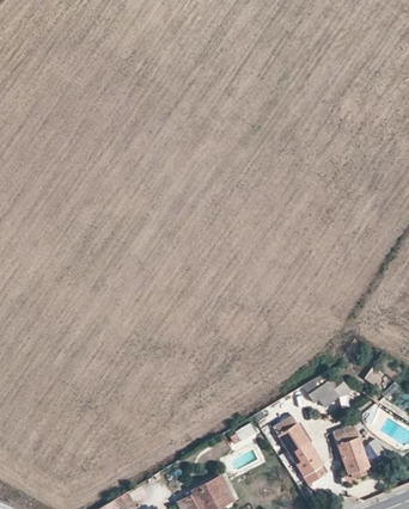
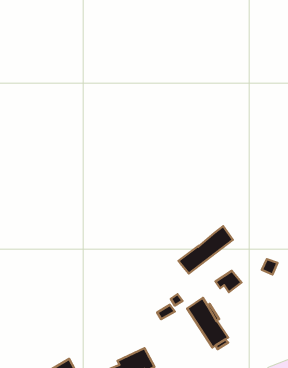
building: none -> [179,226,233,274]
building: [336,431,370,478] -> none

